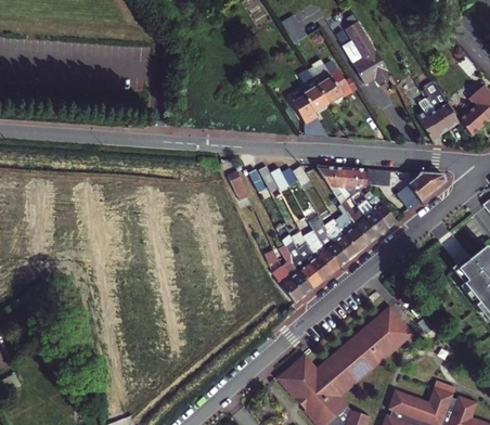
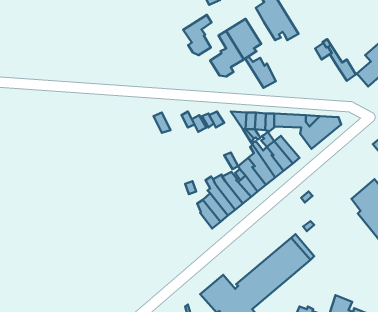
building: none -> [183,15,212,55]
building: none -> [245,56,276,88]
building: [423,110,450,140] -> none

